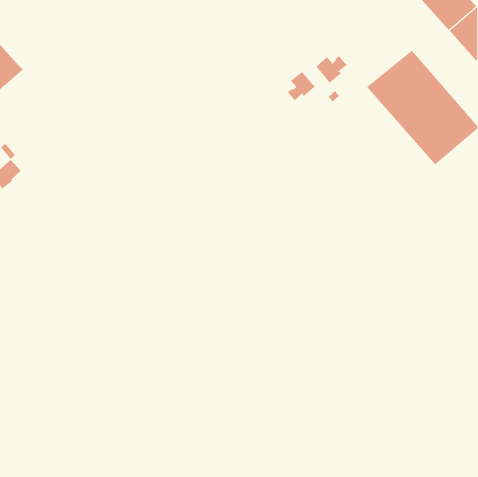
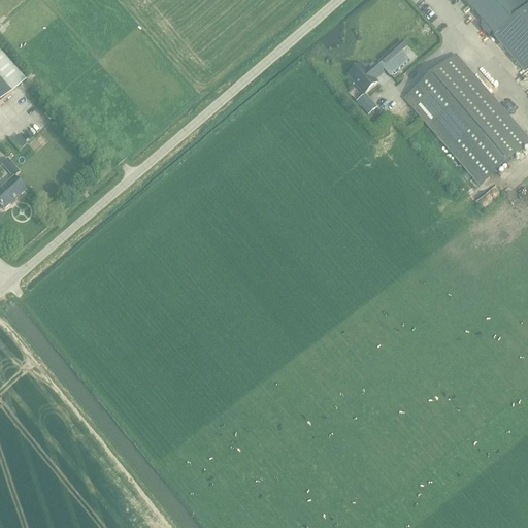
building: none -> [375,39,407,74]
building: [287,71,315,101] -> none

